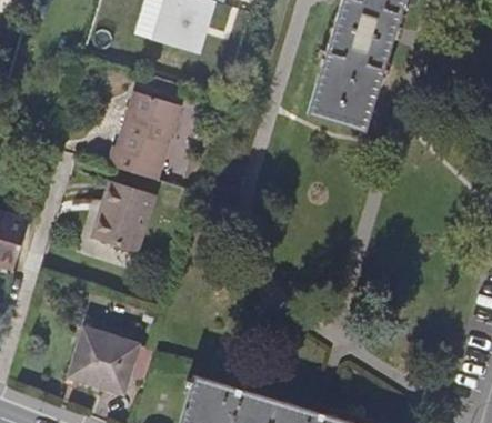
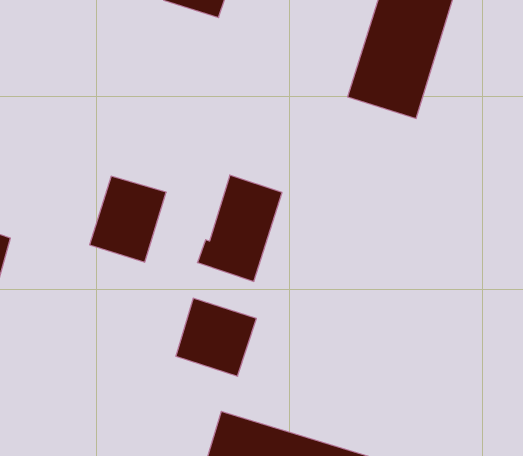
building: [111,93,181,181] -> [197,175,282,281]
building: [71,323,138,387] -> [176,298,256,376]

